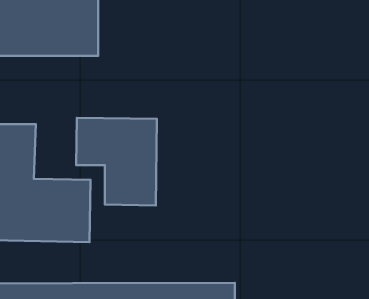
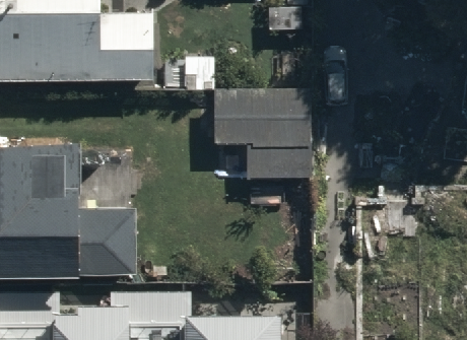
building: [76,118,157,205] -> [219,90,305,183]

